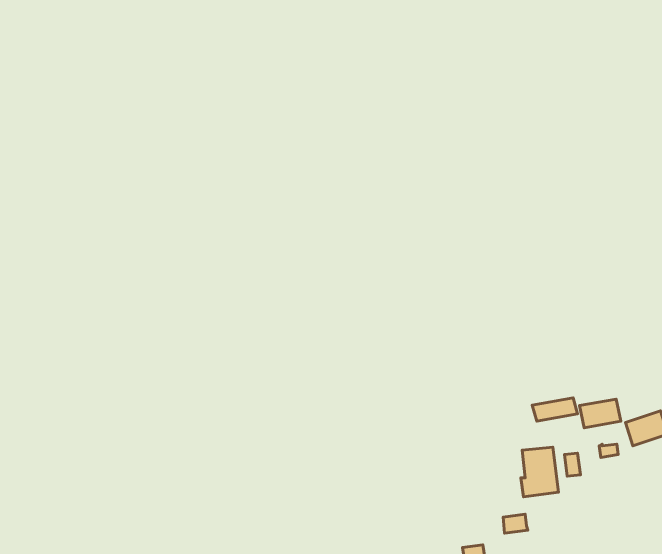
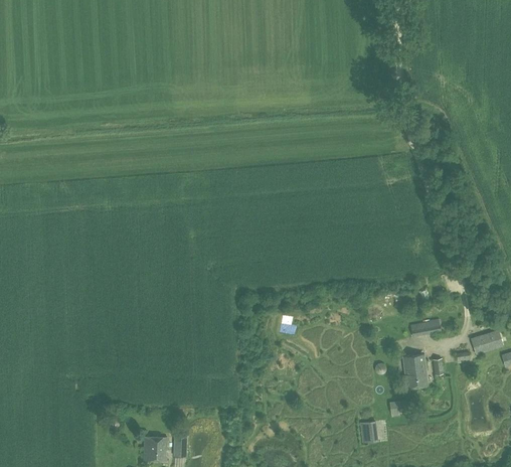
building: [580,399,621,428] -> none

